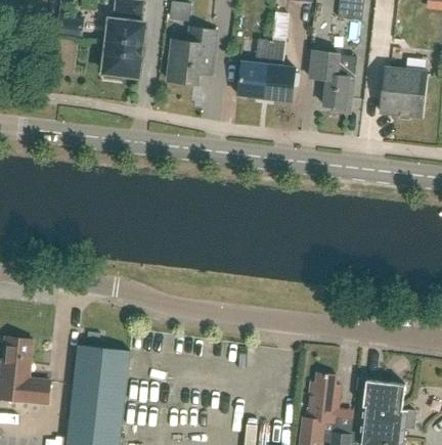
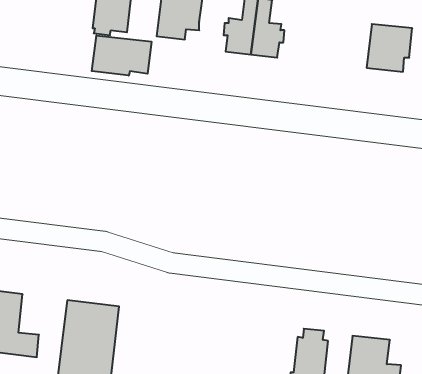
building: [308,51,355,115] -> none
building: none -> [92,35,151,76]

